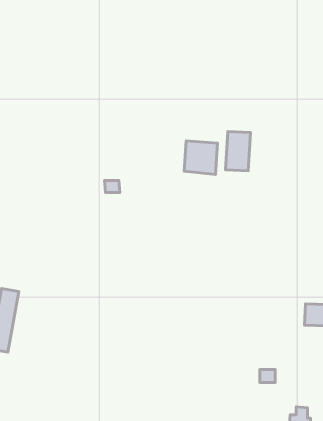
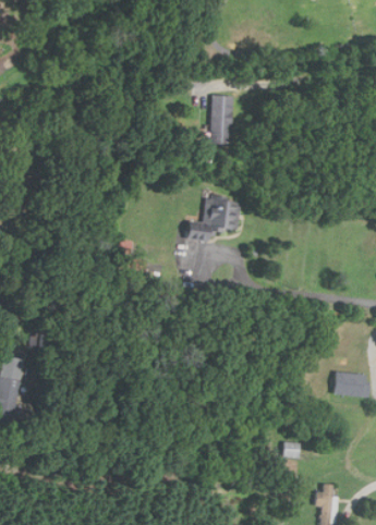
building: none -> [209,95,231,143]
building: [225,131,251,171] -> none

